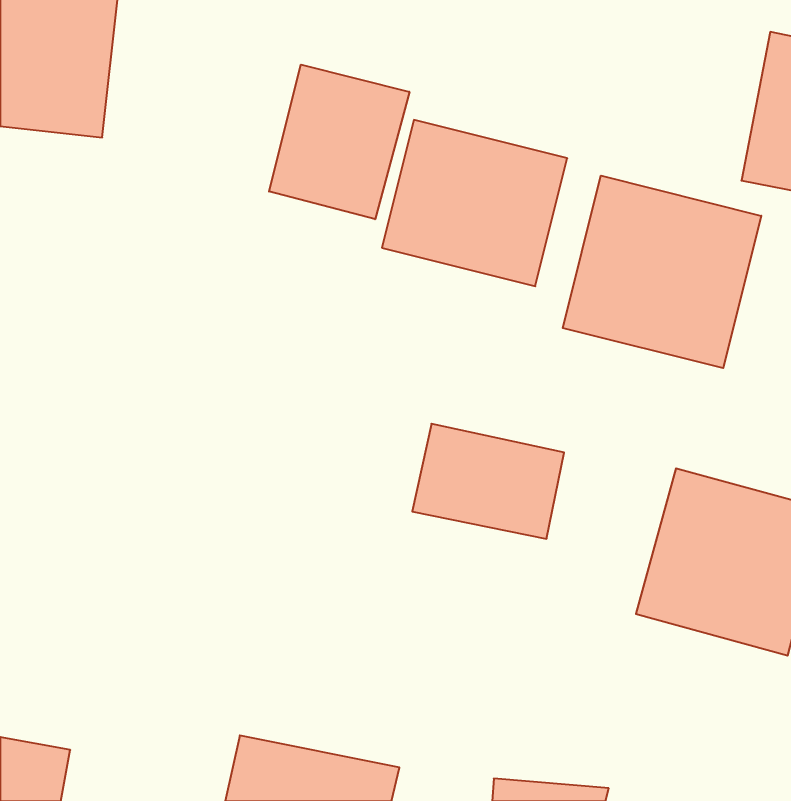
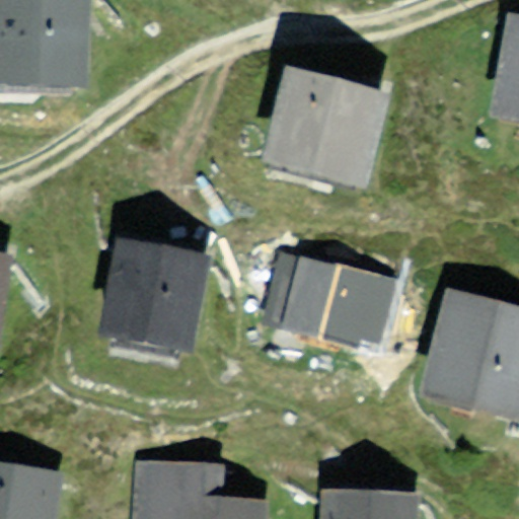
building: [269,65,409,219] -> none
building: [563,176,761,368] -> none
building: none -> [96,248,207,355]

